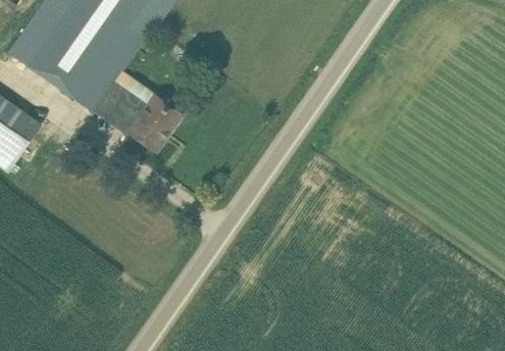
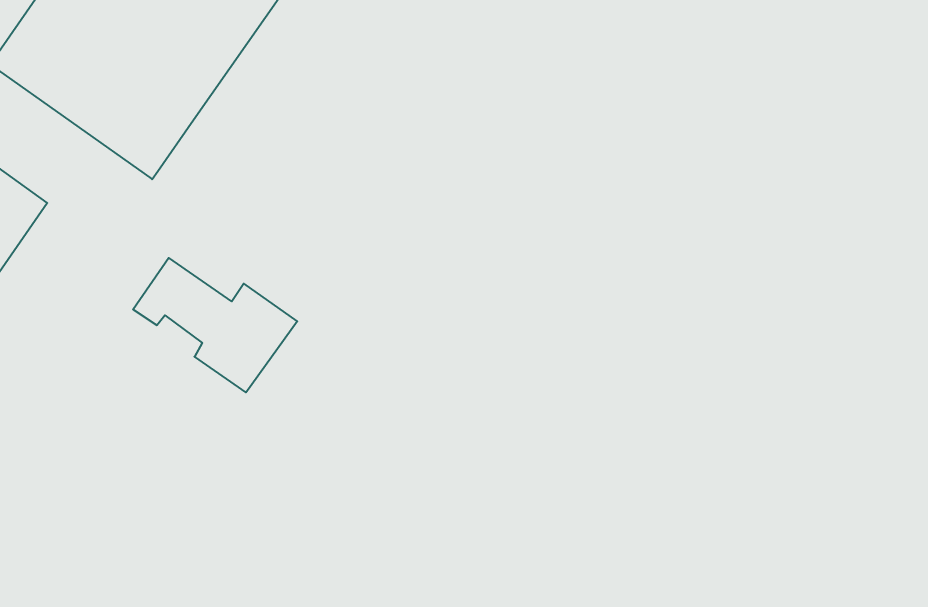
building: [97,82,182,151] -> [133,258,297,392]

